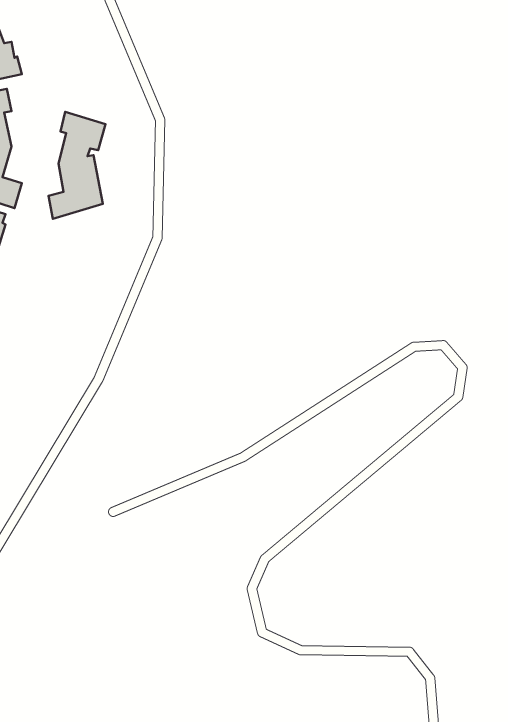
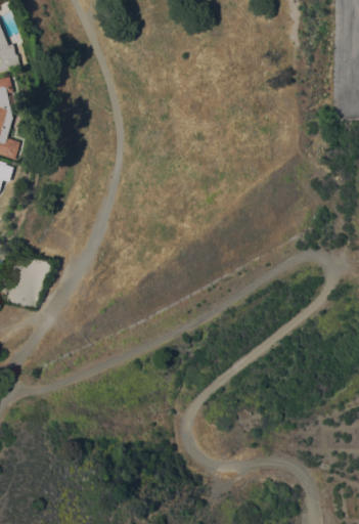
building: [48,112,106,219] -> none

